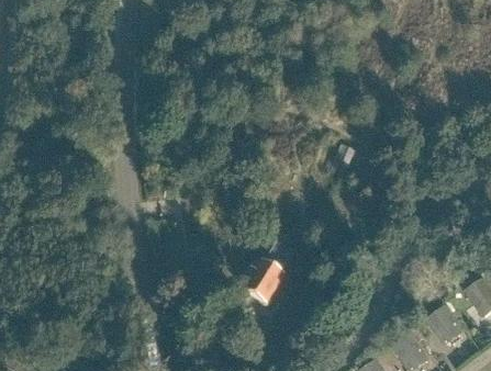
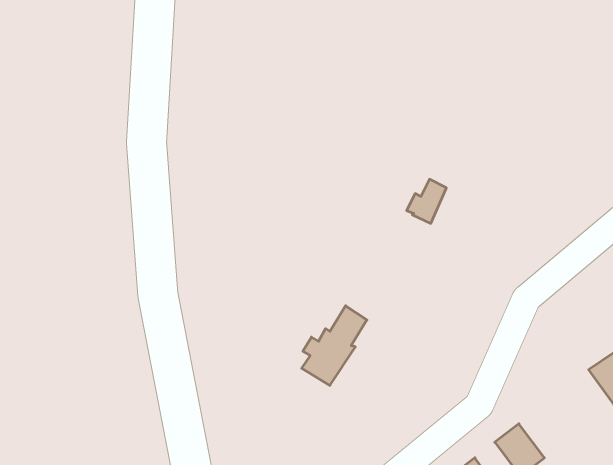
building: [425,305,464,346] -> none

